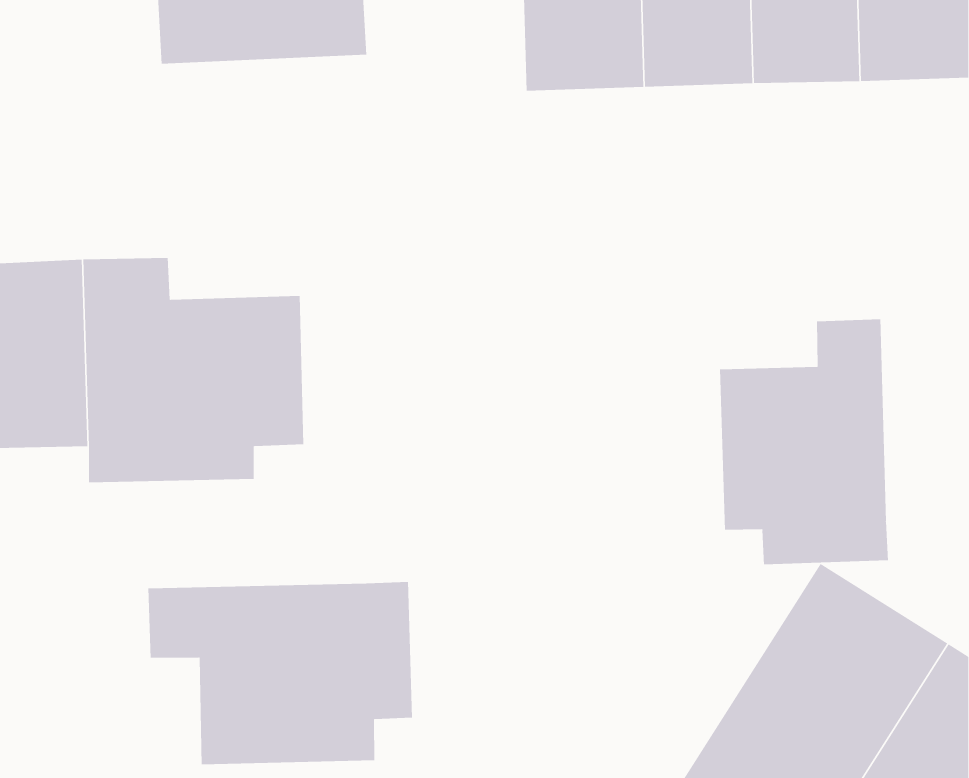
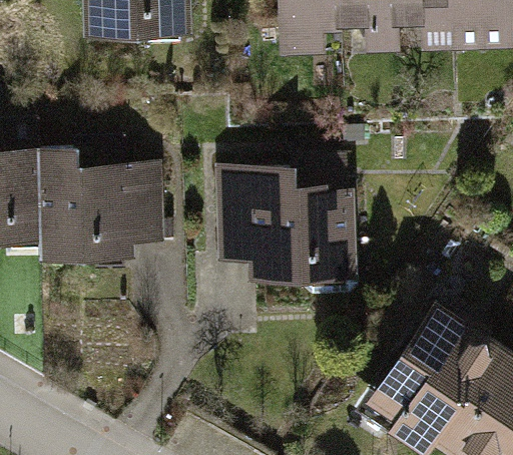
building: none -> [213,162,361,282]
building: [720,318,888,565] -> none
building: [148,581,412,765] -> none

